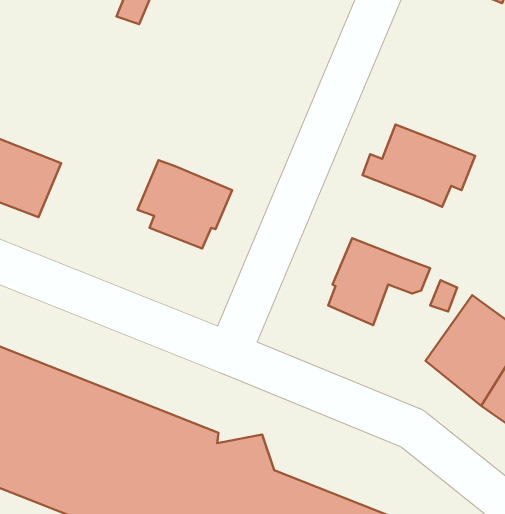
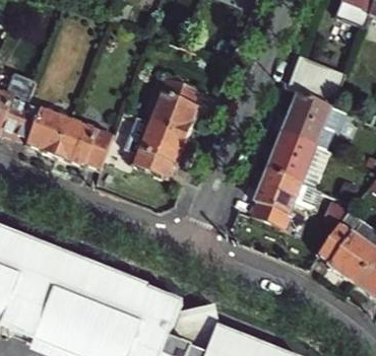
building: none -> [285,55,344,104]
building: none -> [148,76,200,136]
building: none -> [56,118,112,168]
building: none -> [268,126,317,182]

